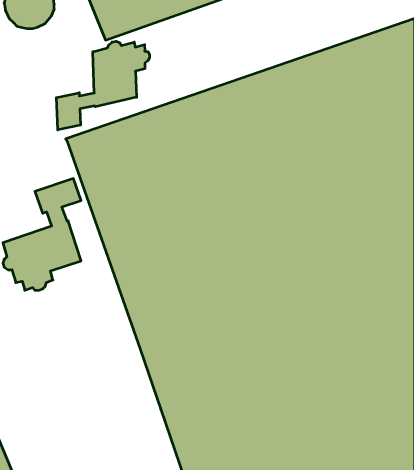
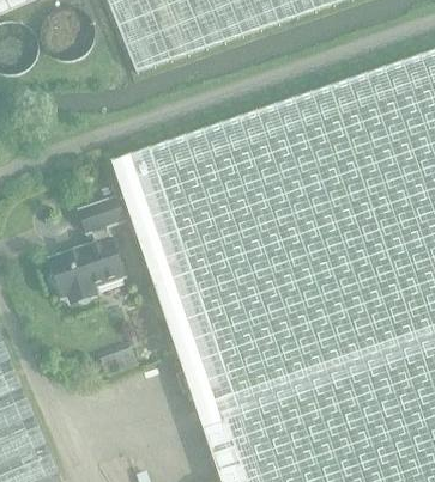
building: [56,41,150,130] -> none

